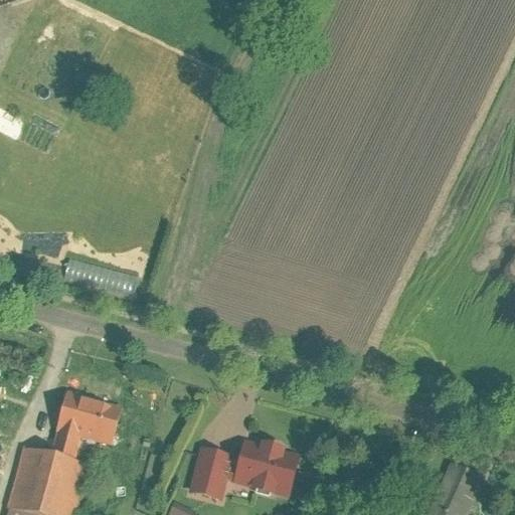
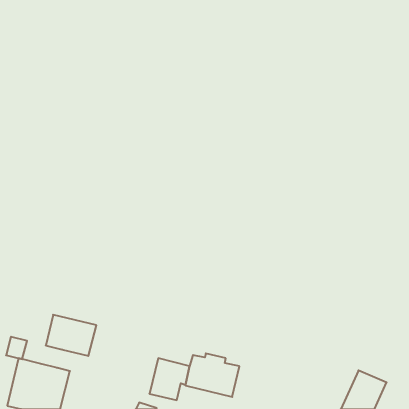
building: [59,254,137,298] -> none
building: [51,432,77,460] -> [6,337,27,359]

